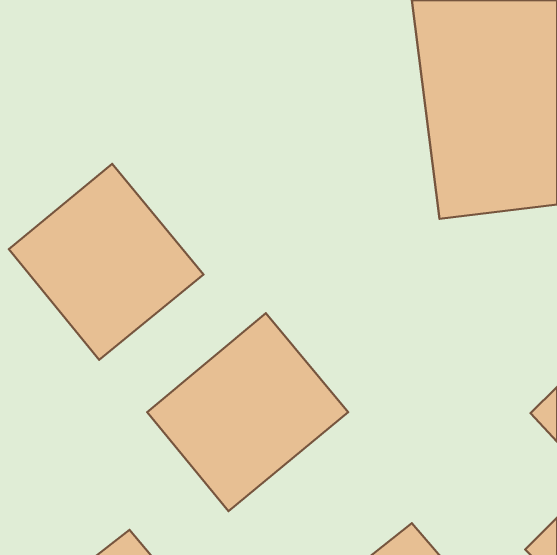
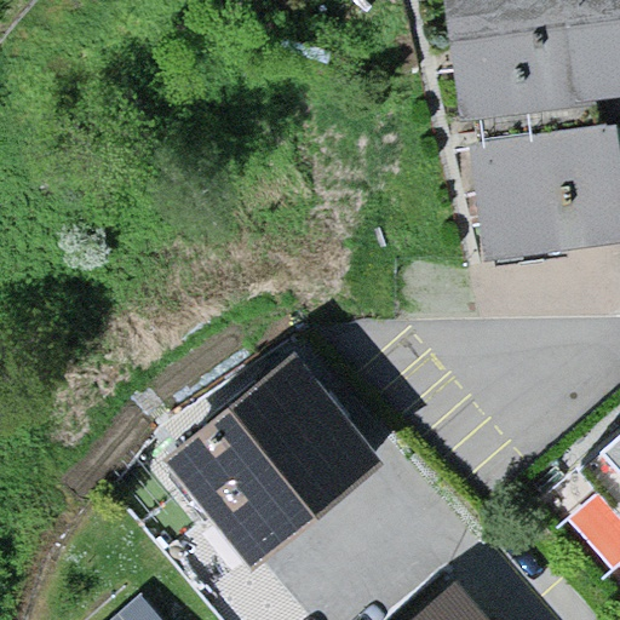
building: [9,164,204,360] -> none

